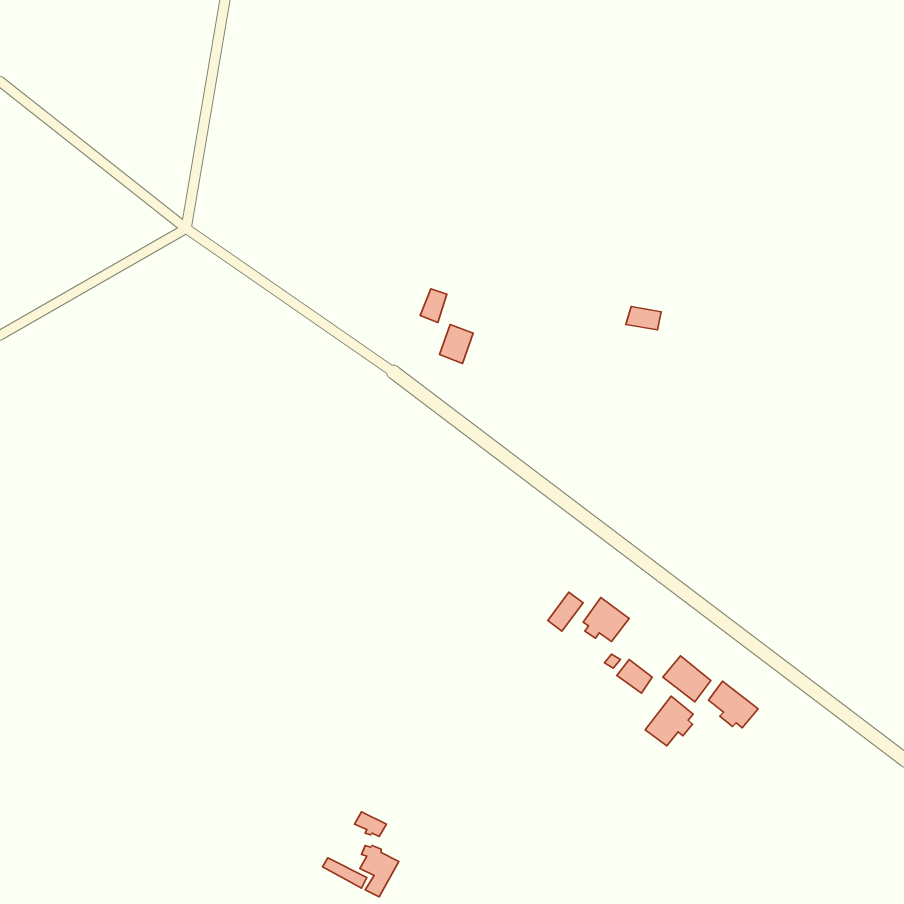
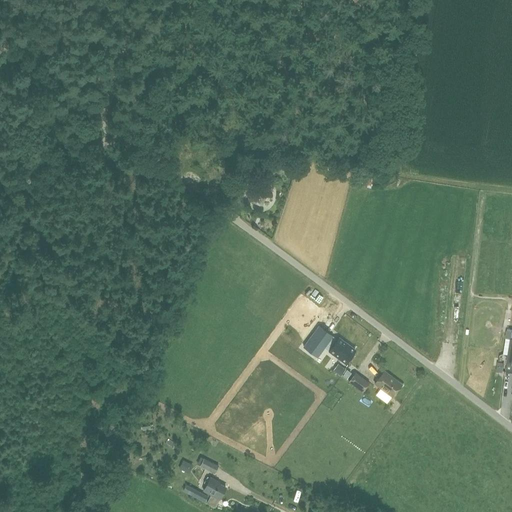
building: [708,681,758,728] -> none
building: [645,696,693,746] -> none

